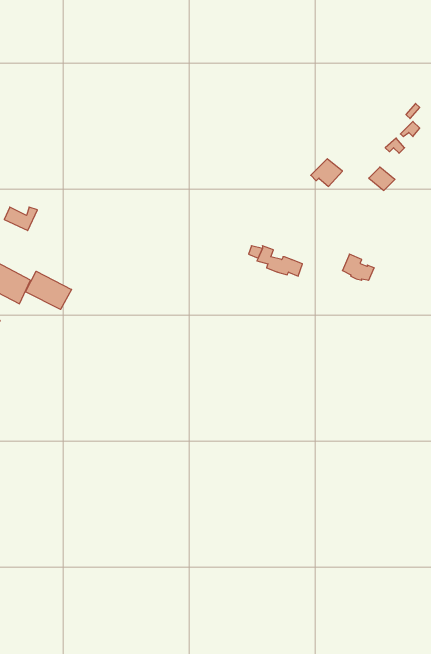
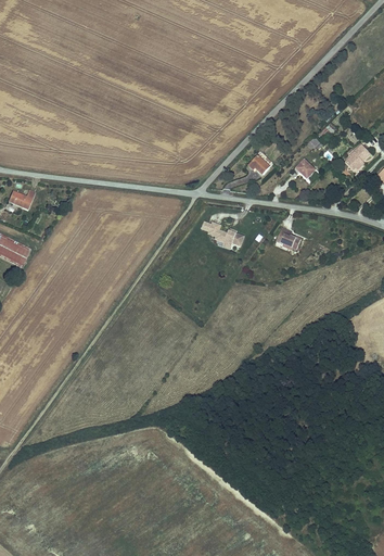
building: [26,271,72,309] -> none

